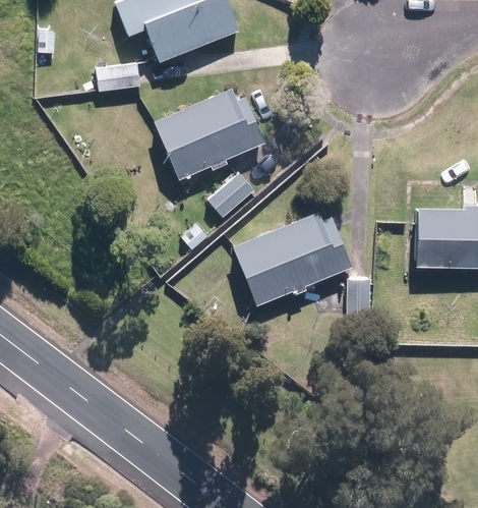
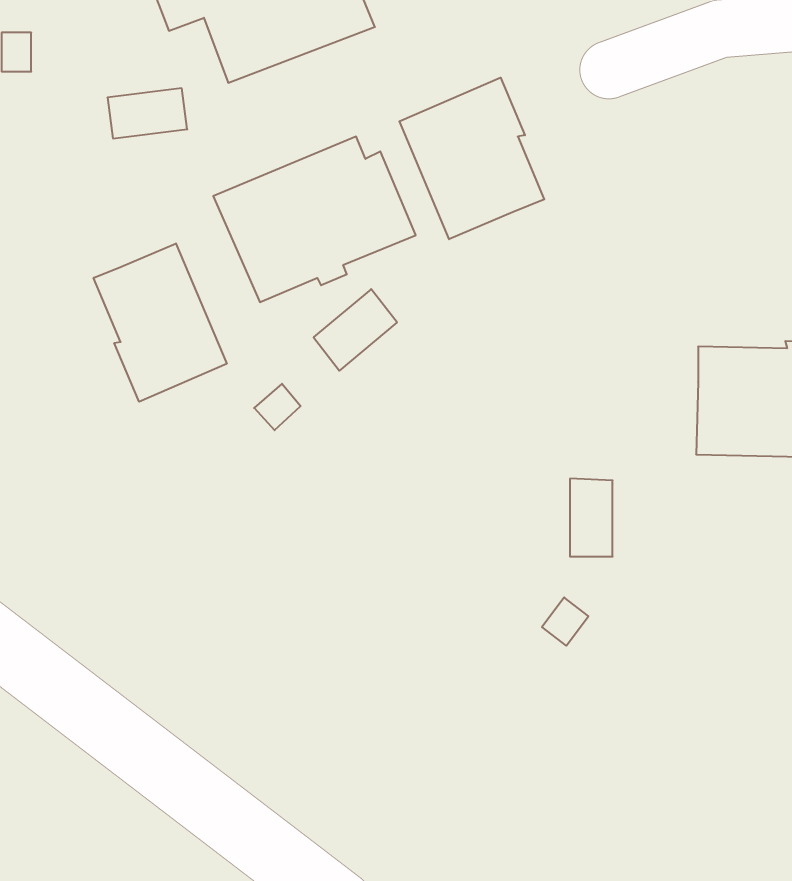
building: none -> [399,78,544,239]
building: none -> [94,243,227,402]
building: [233,211,352,306] -> none

